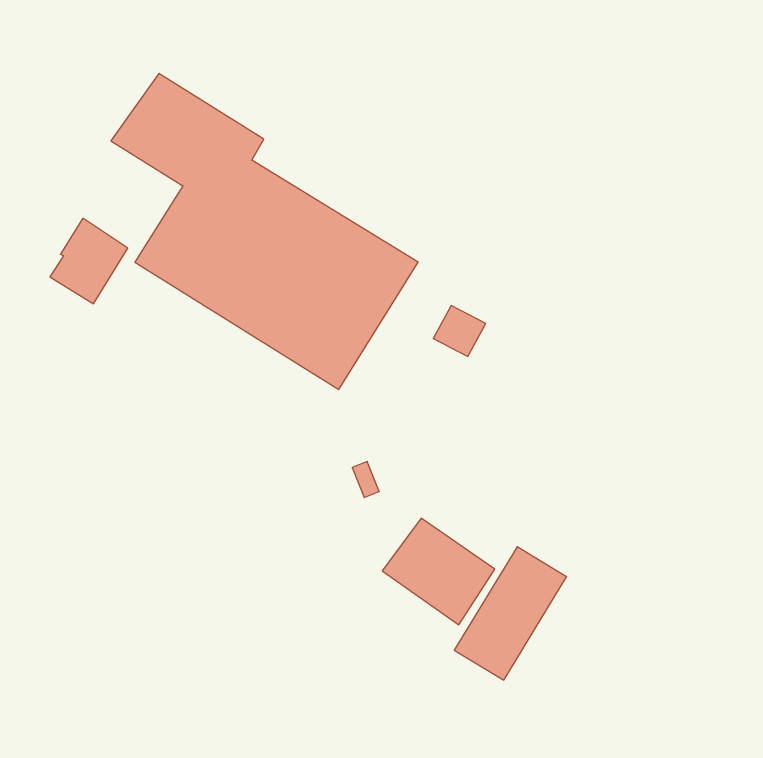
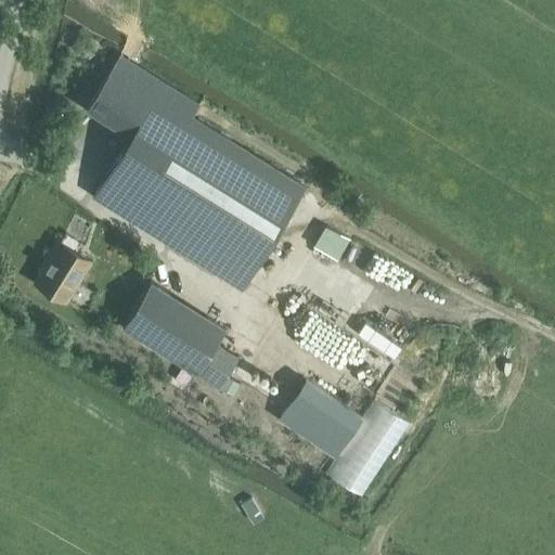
building: [50,218,128,304] -> [36,245,92,307]
building: none -> [120,284,237,388]

